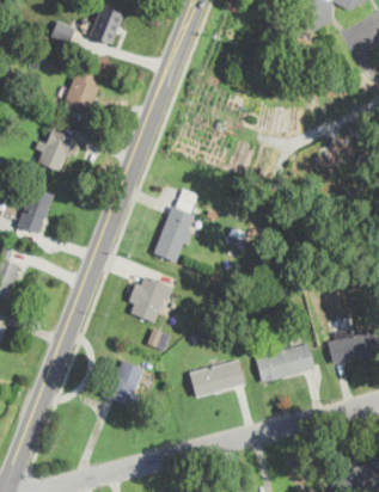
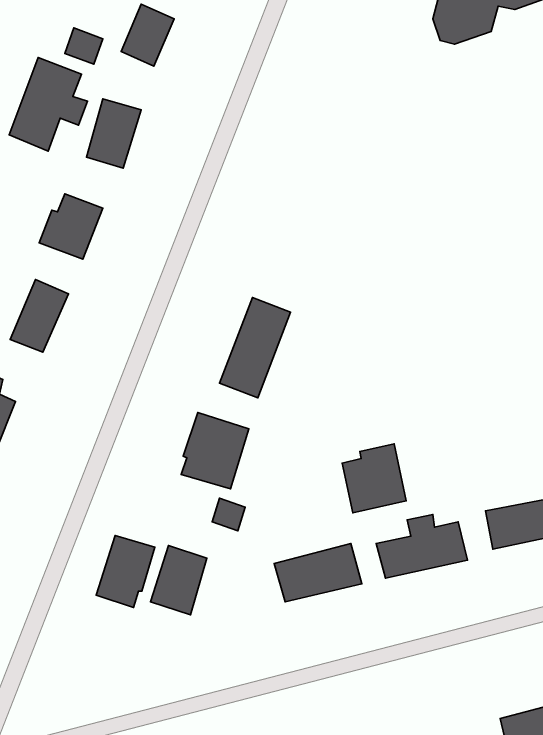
building: none -> [9,57,87,151]
building: none -> [342,444,406,513]
building: none -> [96,535,155,608]

